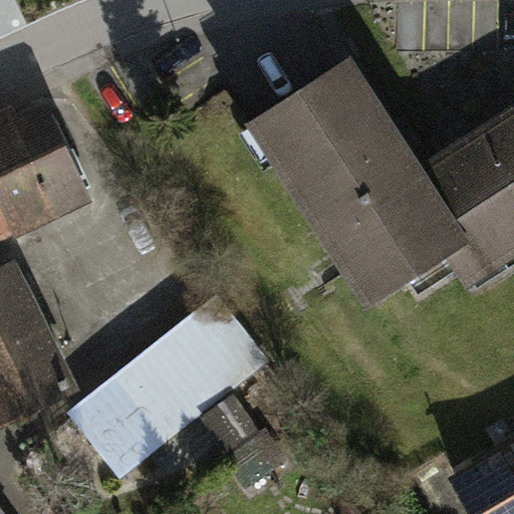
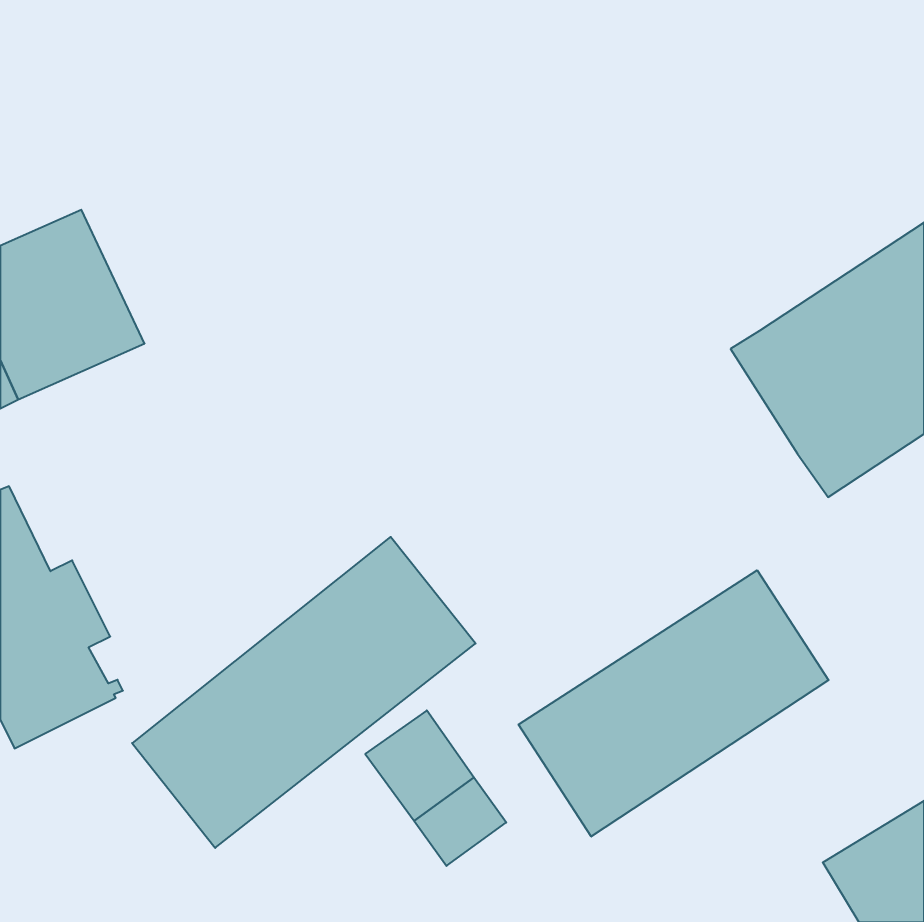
building: [257,64,443,297] -> none
building: none -> [519,570,829,837]

